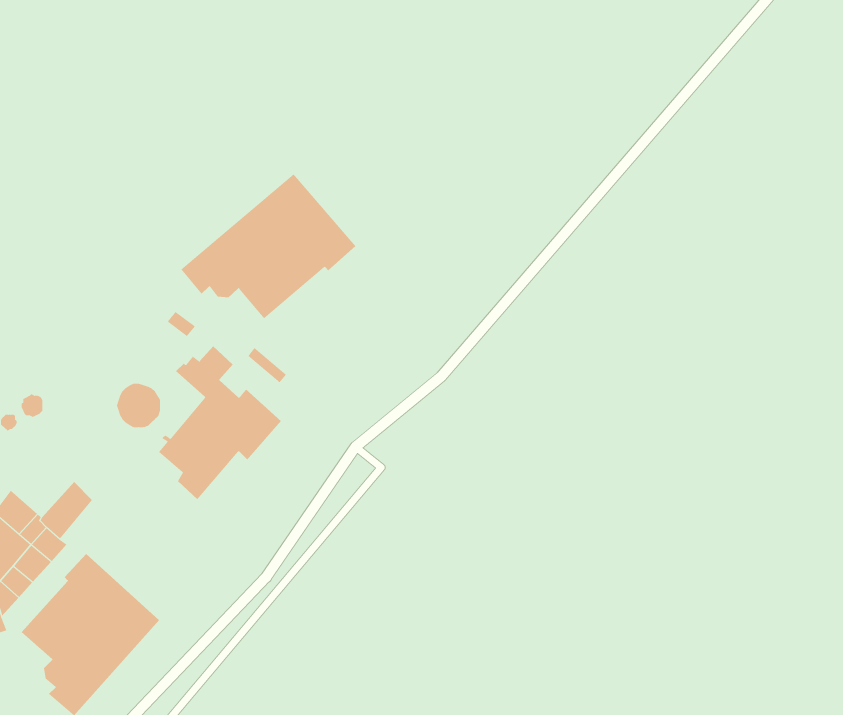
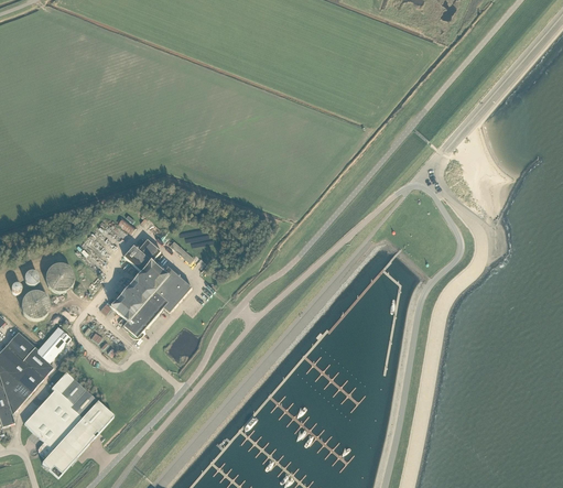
building: [181,173,356,319] -> none
building: [116,383,161,428] -> [44,262,73,291]
building: none -> [20,290,48,318]

